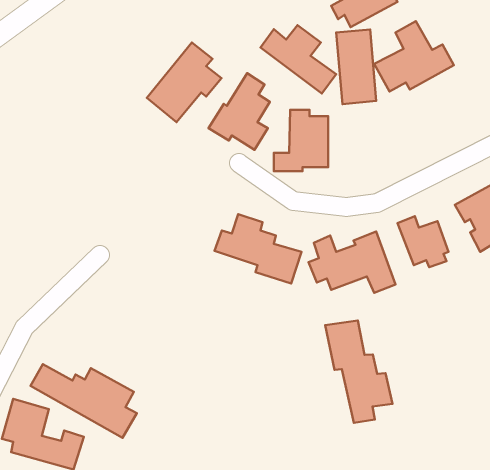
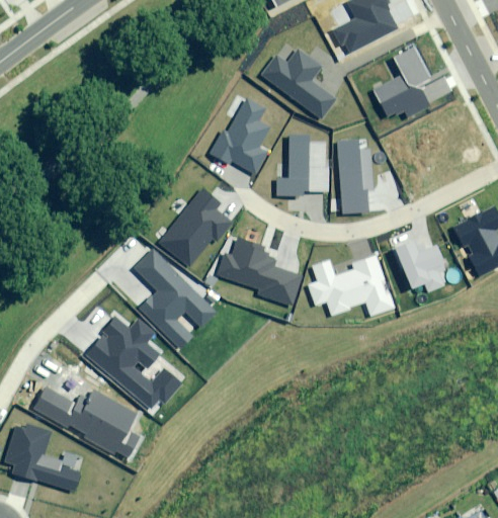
building: [336,29,376,104] -> [335,139,375,212]
building: [147,43,222,122] -> [157,186,231,265]
building: none -> [133,248,215,347]
building: none -> [85,318,179,412]
building: [325,321,393,423] -> none

